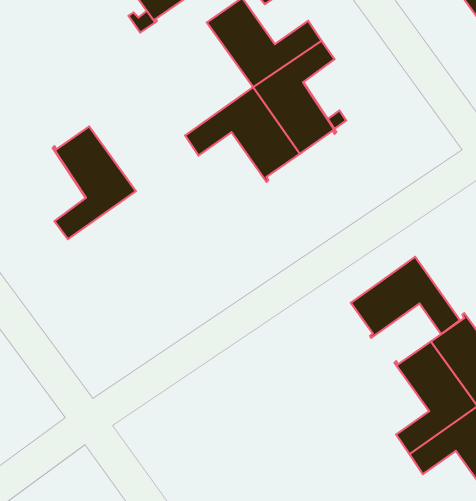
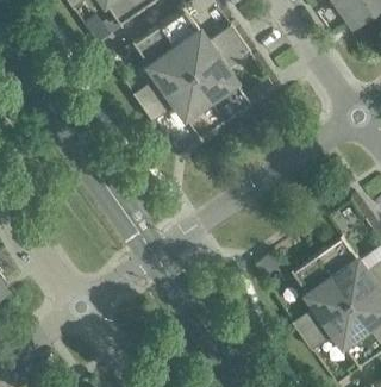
building: [53,126,136,239] -> [131,26,191,107]
building: [351,257,460,338] -> none

